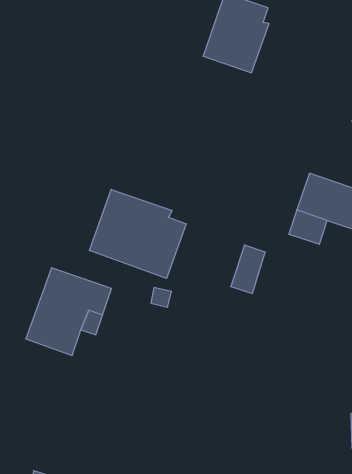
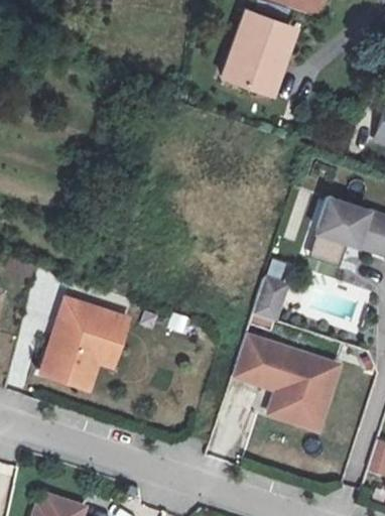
building: [89,189,186,278] -> none
building: none -> [228,335,334,423]

